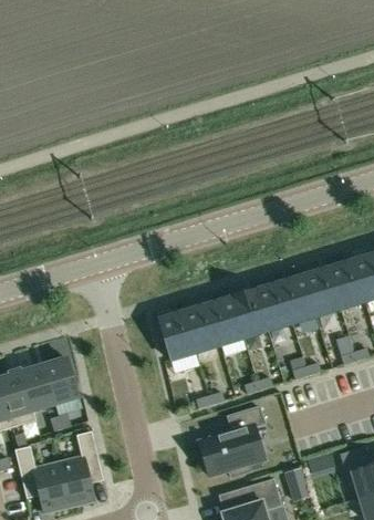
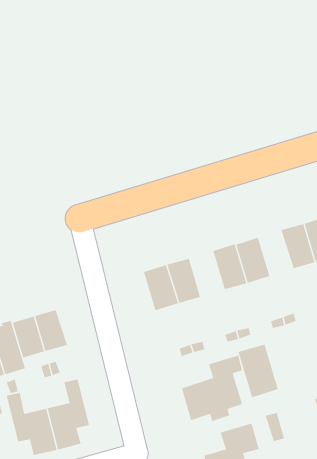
building: [280,273,316,322] -> none
building: [207,295,243,344] -> none
building: none -> [237,344,279,398]

